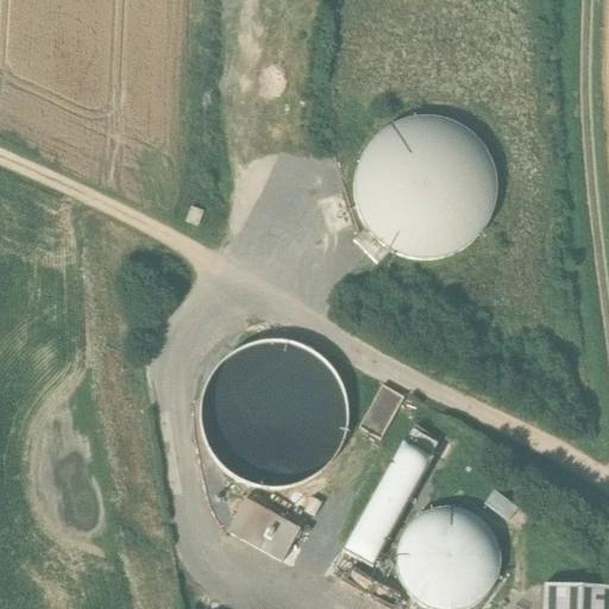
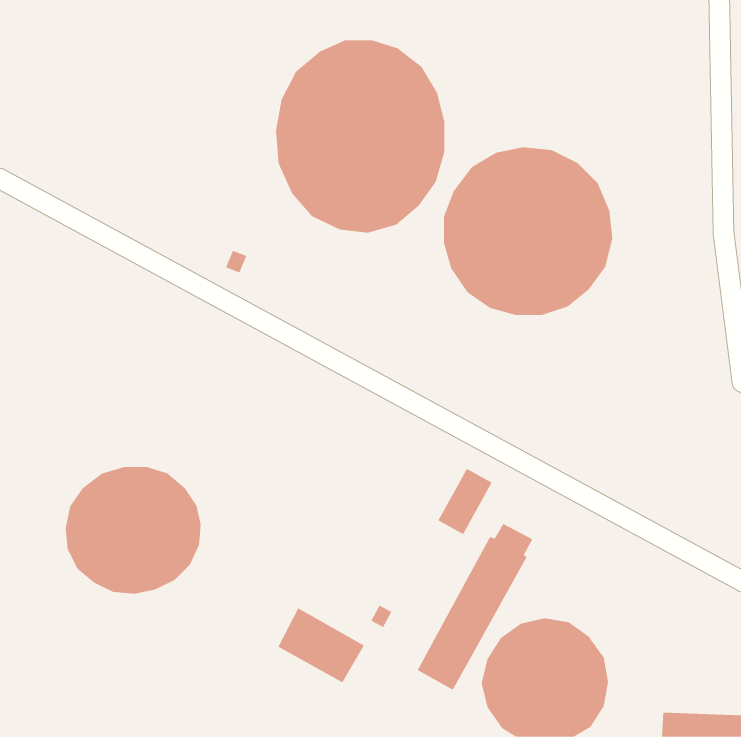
building: none -> [275,39,445,233]
building: [200,339,349,488] -> none
building: none -> [65,466,201,595]

